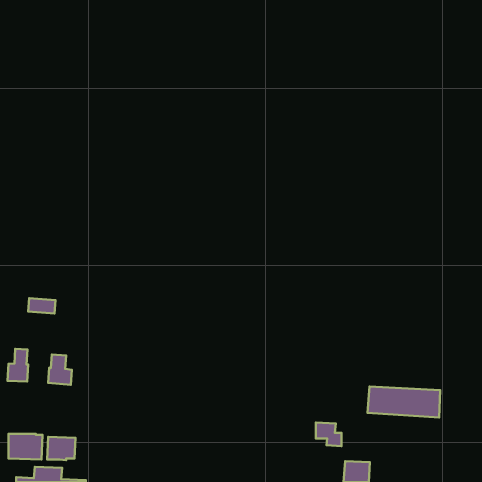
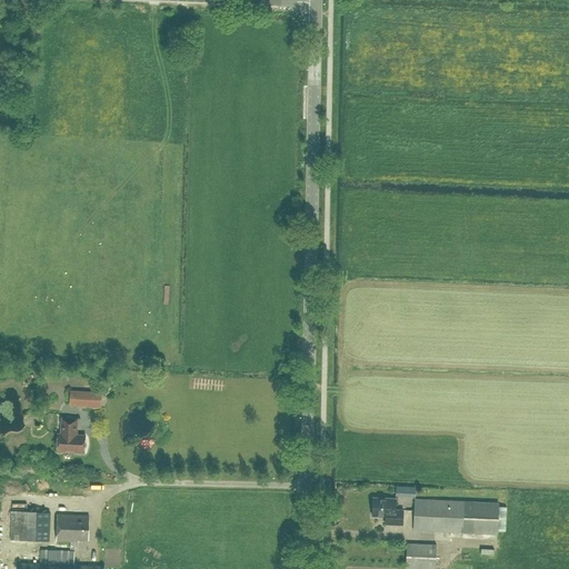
building: [28,298,56,313] -> [69,390,101,408]
building: [7,349,28,382] -> none
building: [368,386,440,418] -> [412,499,498,536]

